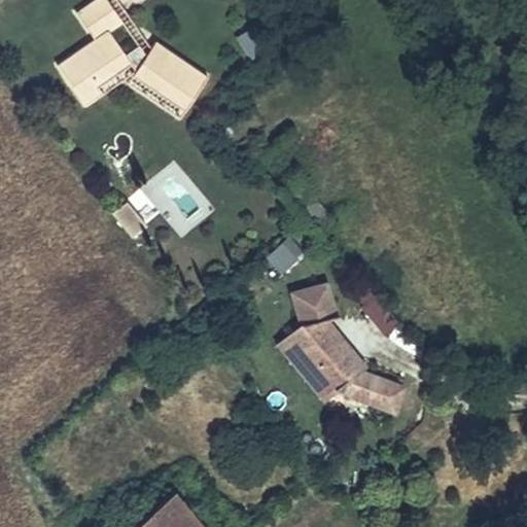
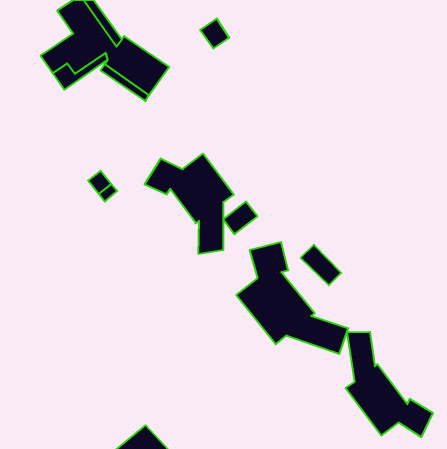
building: none -> [145,154,234,254]
building: none -> [346,332,433,437]

